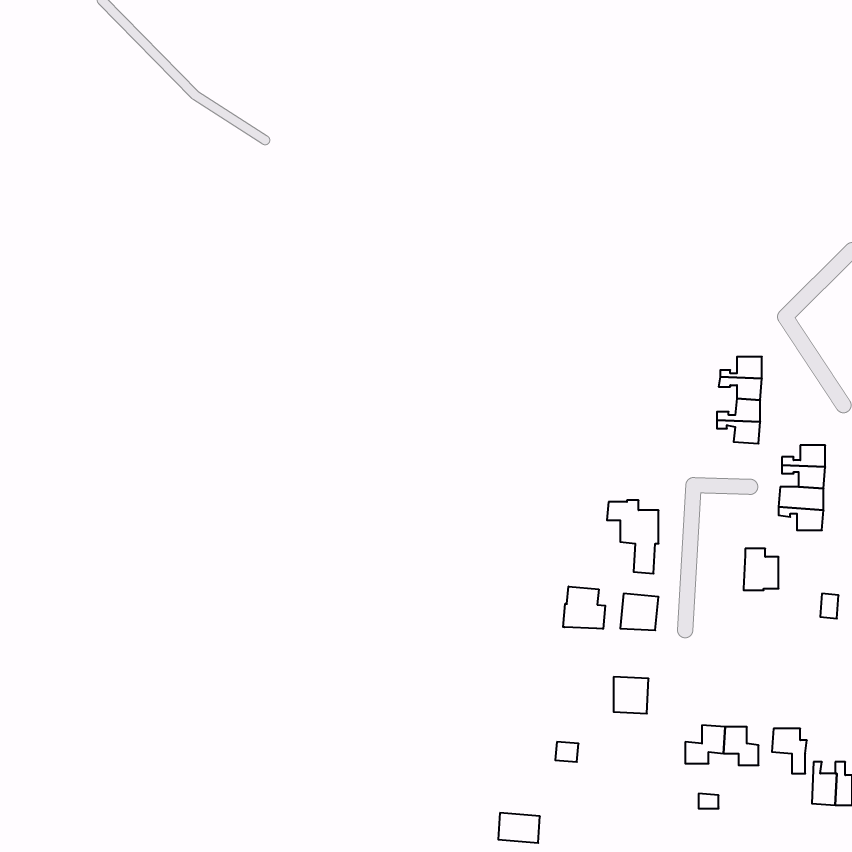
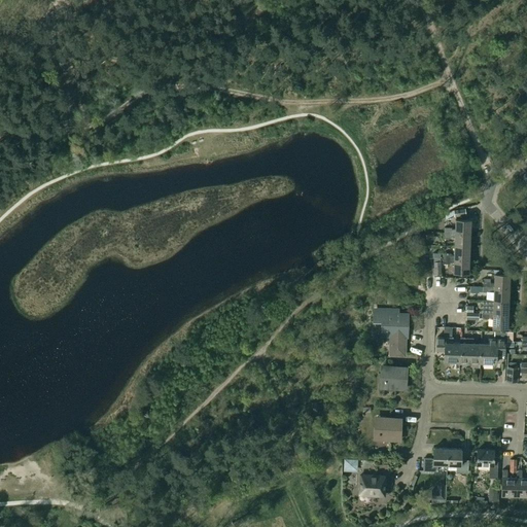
building: none -> [436,327,460,363]
building: none -> [481,339,504,364]
building: [563,586,605,629] -> none
building: [498,813,540,843] -> [359,475,385,493]

